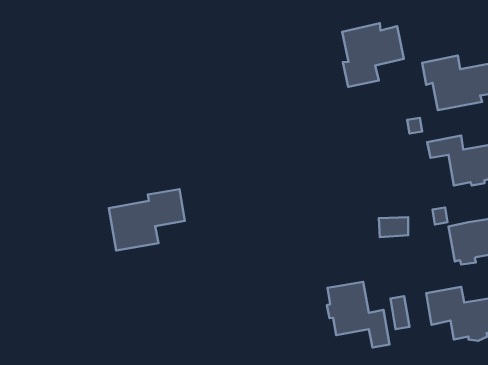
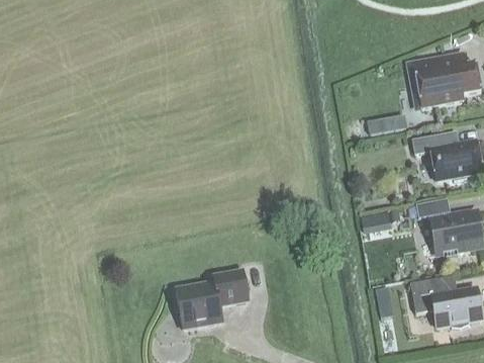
building: [342,23,404,87] -> none
building: [109,189,185,250] -> [175,269,248,328]
building: [327,282,390,347] -> none

